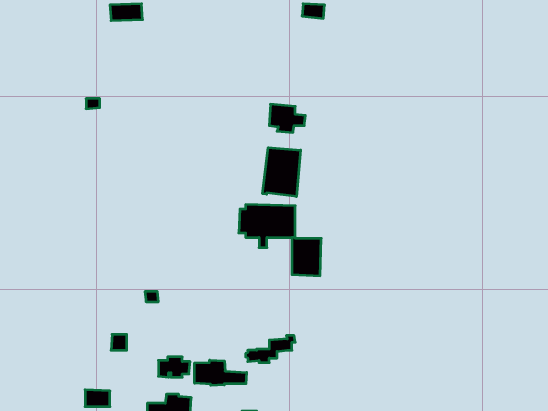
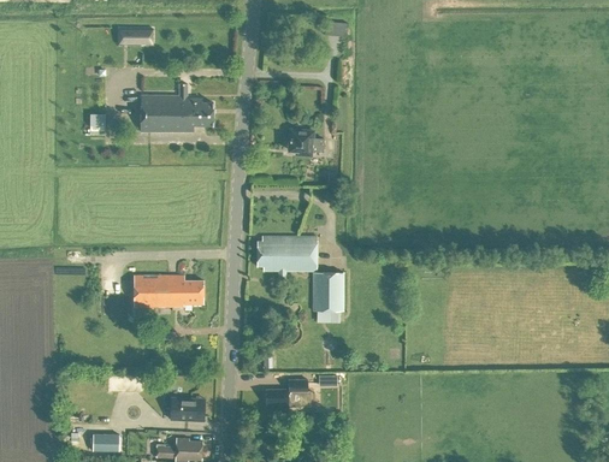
building: none -> [141,95,214,132]
building: [263,148,301,197] -> none
building: none -> [134,274,203,307]
building: [195,360,247,385] -> none

